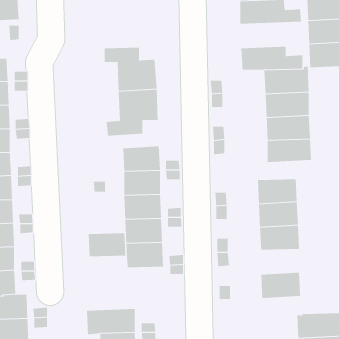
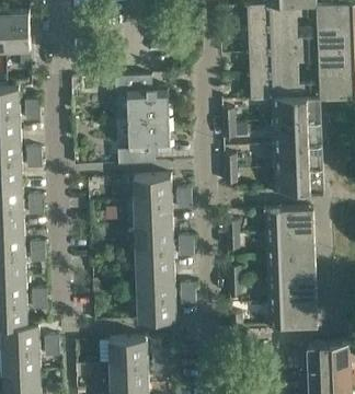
building: none -> [251,51,313,78]
building: [88,233,126,257] -> [138,296,176,320]
building: none -> [272,278,311,303]

